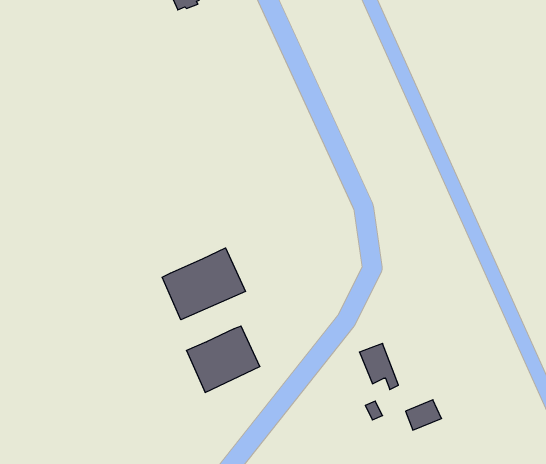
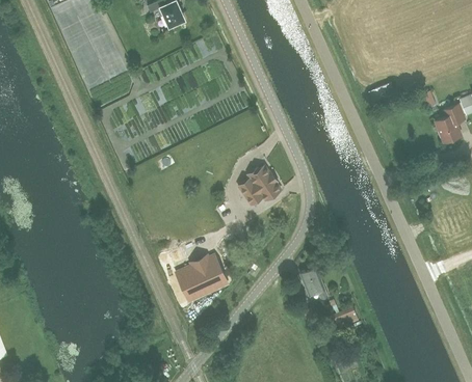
building: none -> [238,165,281,204]
building: [162,248,246,320] -> none

